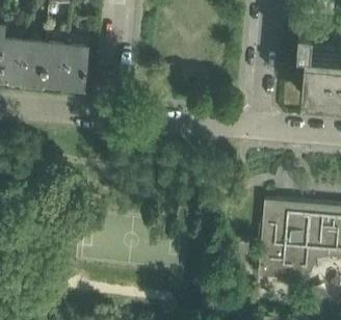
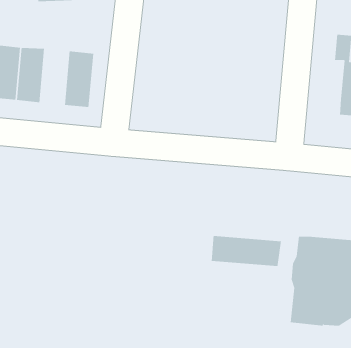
building: [42,43,67,91] -> none
building: none -> [211,235,281,267]

